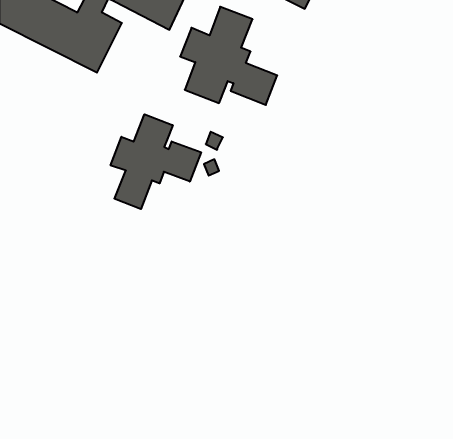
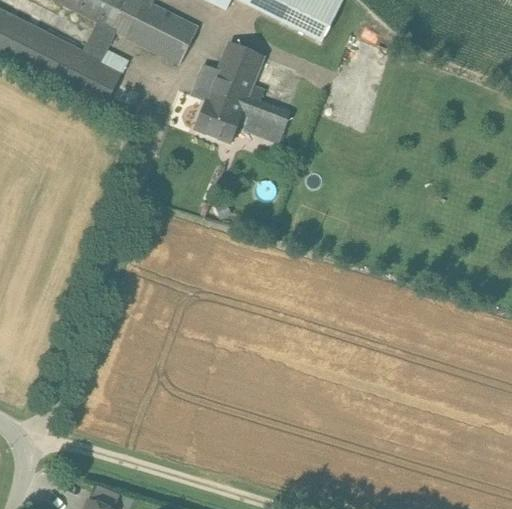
building: [111,114,201,209] -> none

